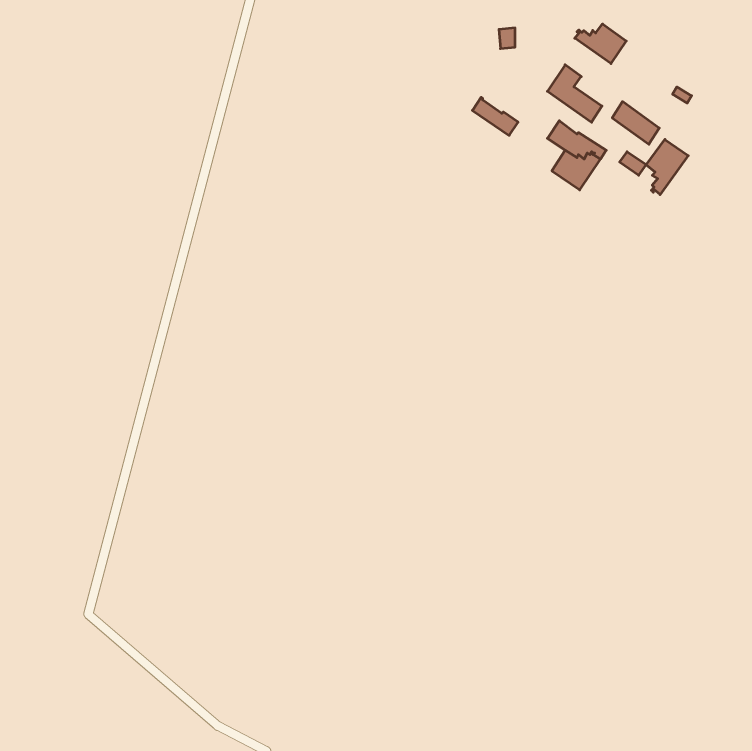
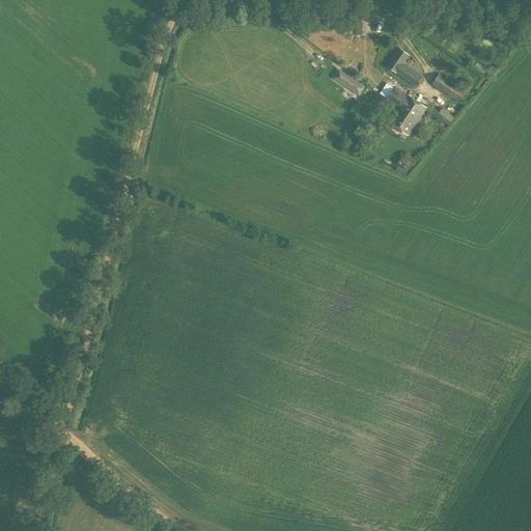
building: [575,24,626,64] -> none
building: [646,139,688,195] -> none

